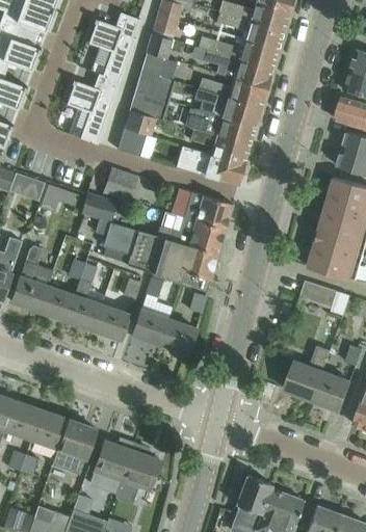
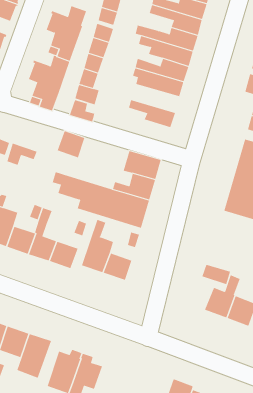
building: [189,108,255,145] -> none
building: [180,147,243,185] -> none
building: [81,192,115,221] -> none
building: [300,282,337,308] -> [202,264,231,285]

